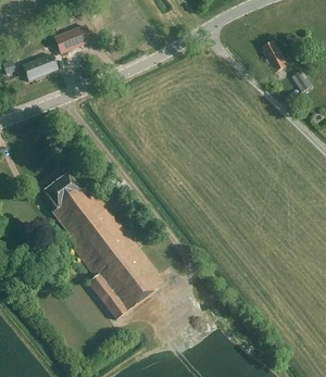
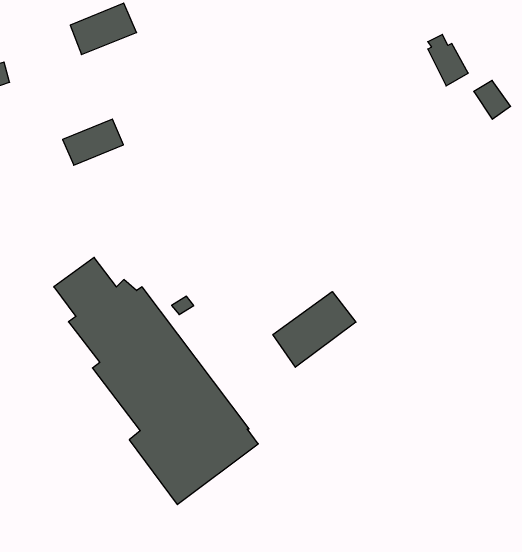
building: [21,53,57,80] -> [63,119,123,165]
building: none -> [273,292,356,367]

